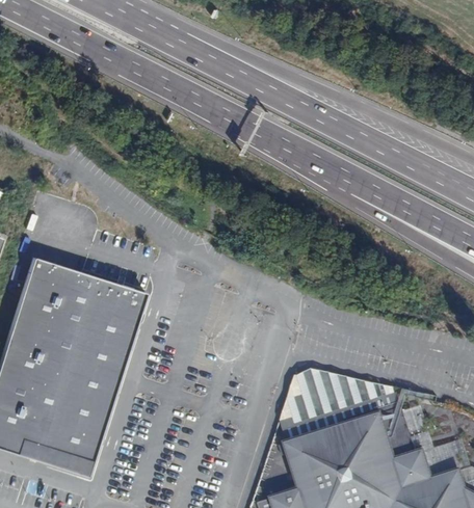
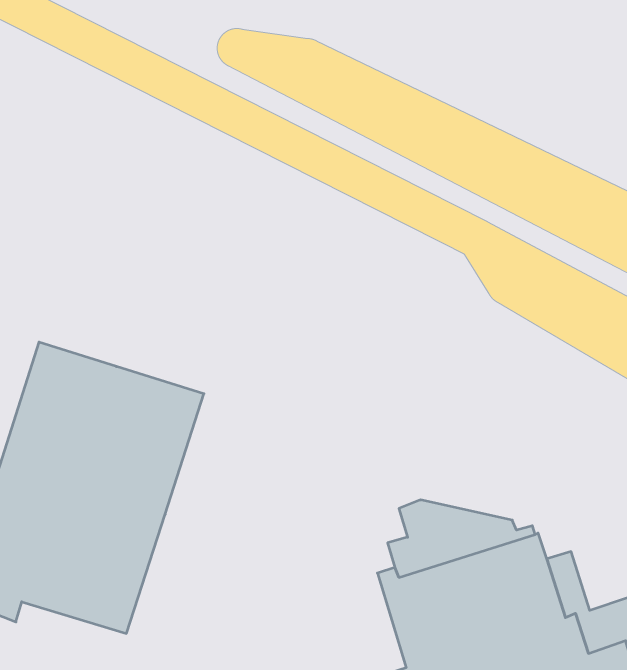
building: [12,444,93,481] -> none

